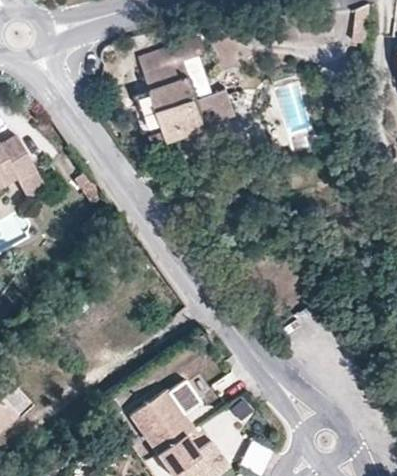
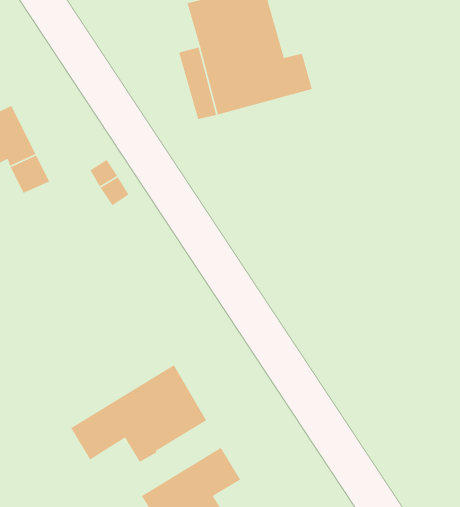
building: none -> [70,364,207,463]

